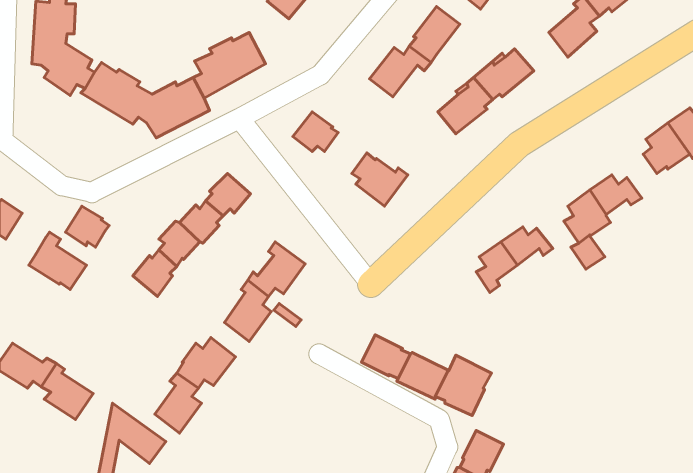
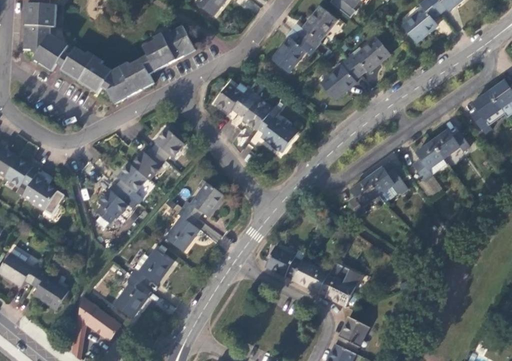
building: none -> [238,98,271,129]
building: [65,206,109,247] -> [5,157,37,187]

